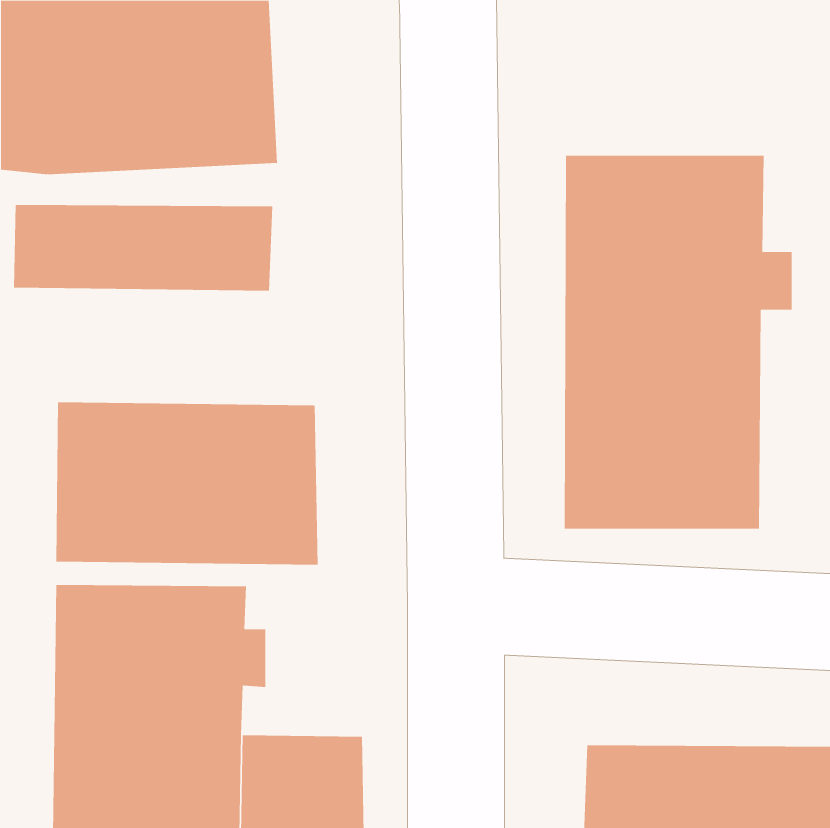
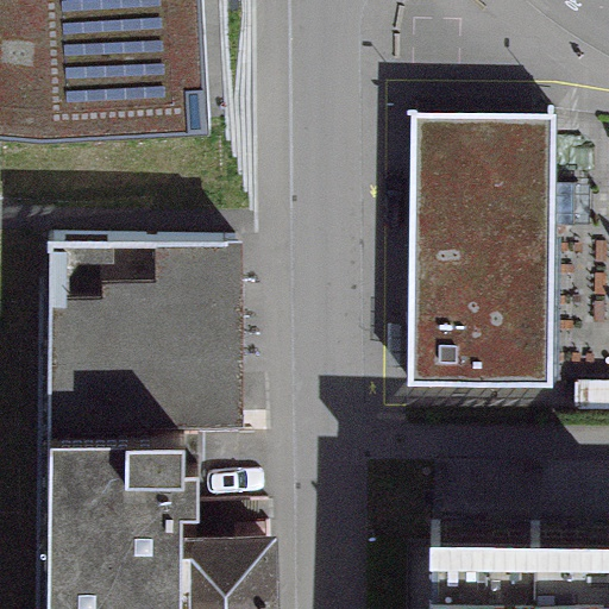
building: [13,205,273,291] -> [45,237,234,300]

